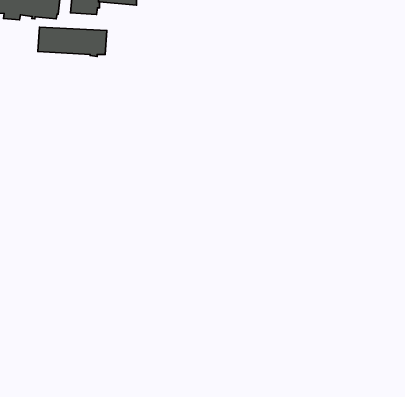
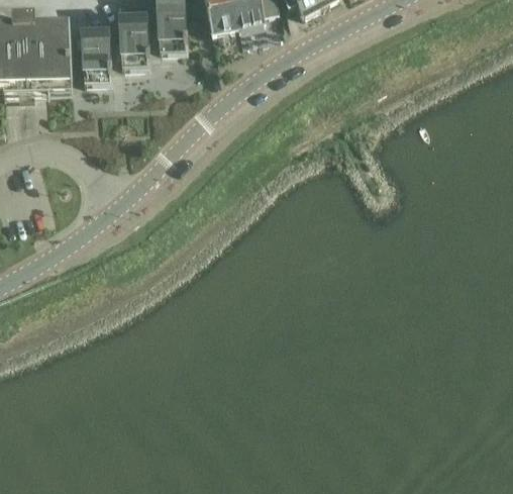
building: [38,27,107,56] -> none

